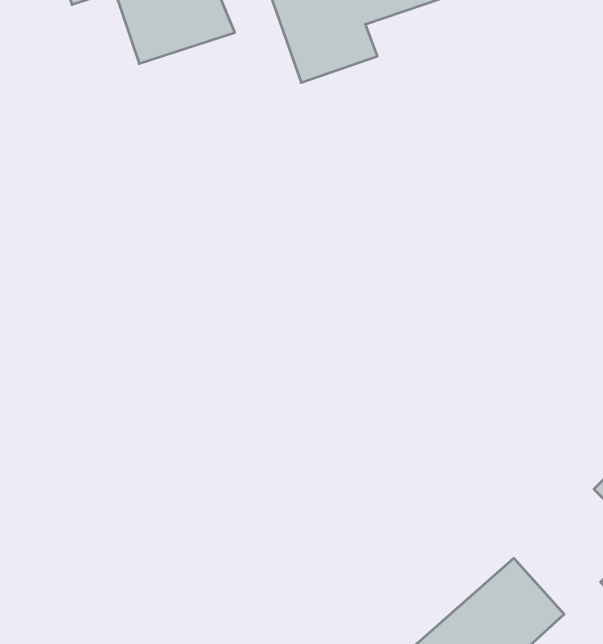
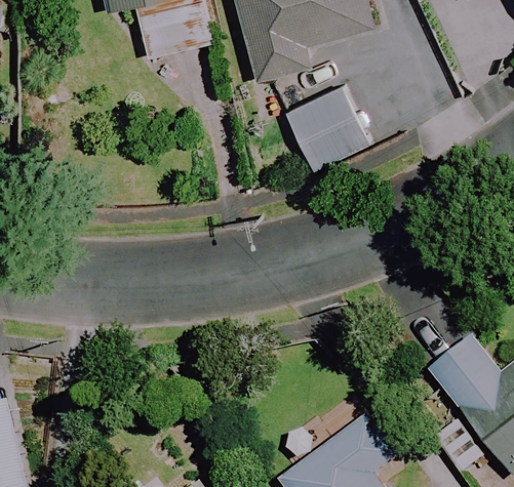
building: none -> [284,88,365,169]

